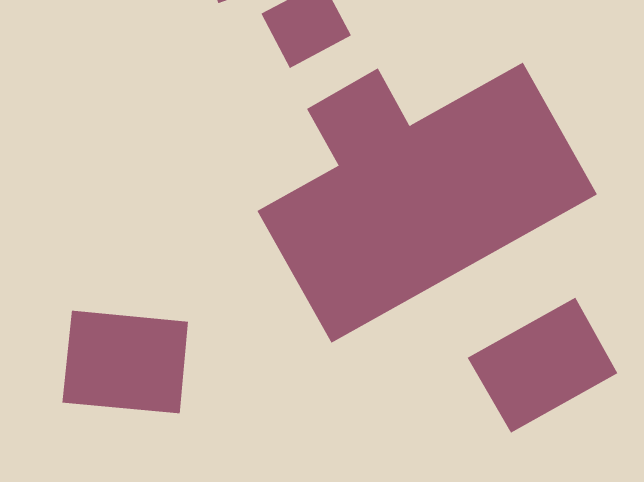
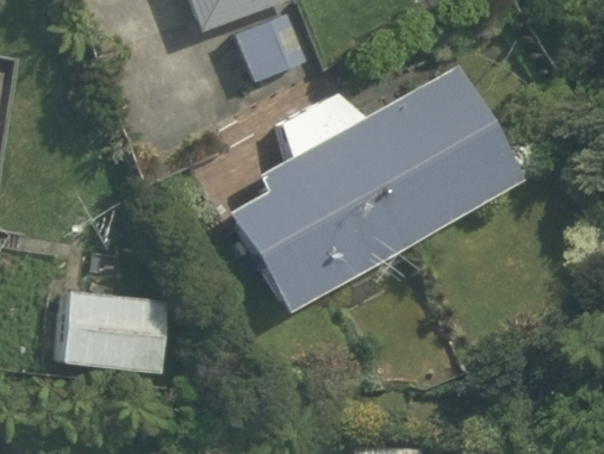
building: [467,297,618,434] -> none

